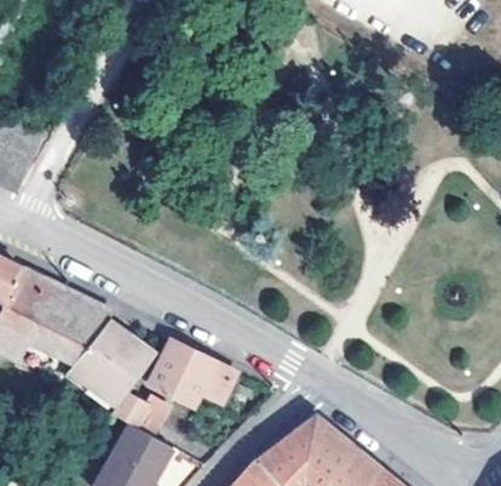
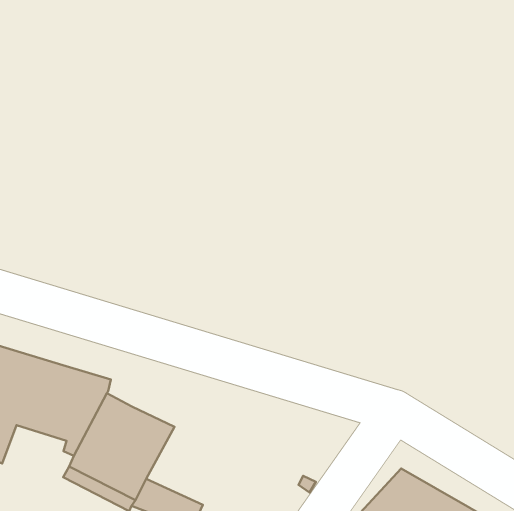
building: [150,341,235,405] -> none

